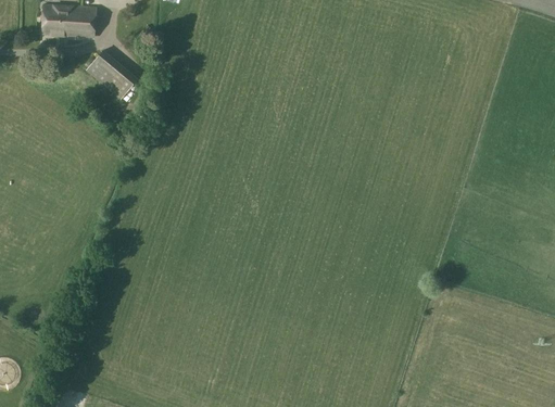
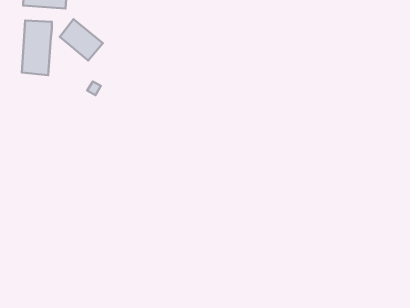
building: none -> [22,21,52,75]

